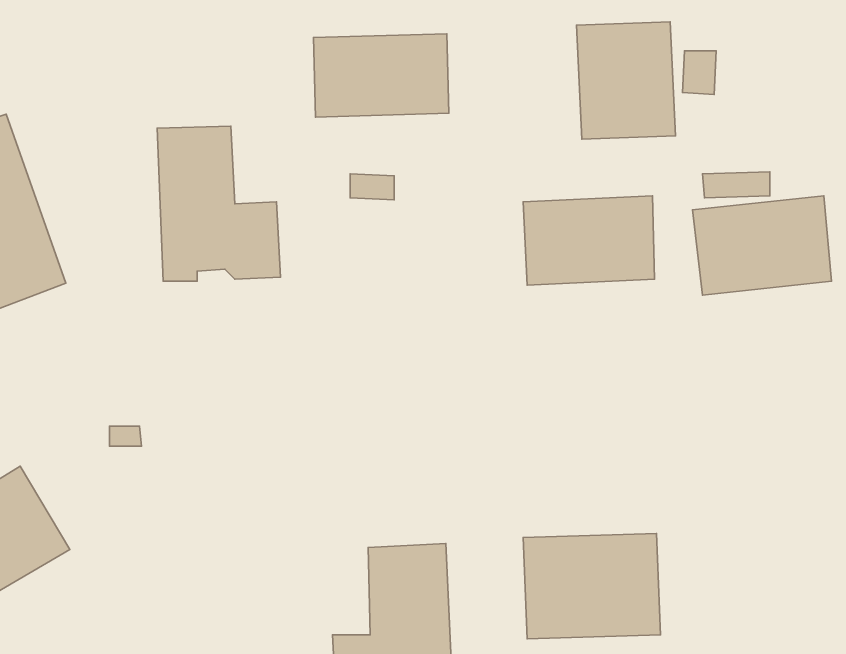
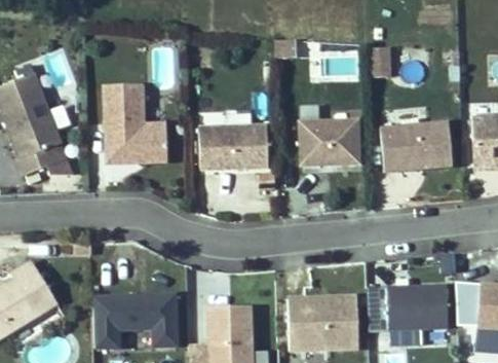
building: [577,22,676,139] -> none
building: [313,34,449,117] -> [197,125,267,169]
building: none -> [381,281,452,328]
building: none -> [95,295,182,349]

